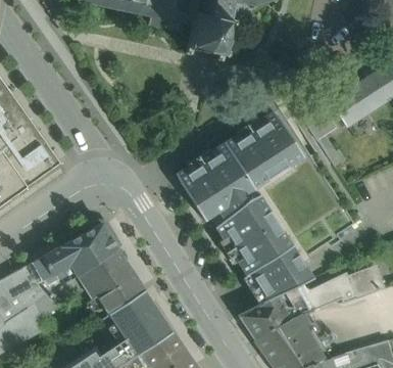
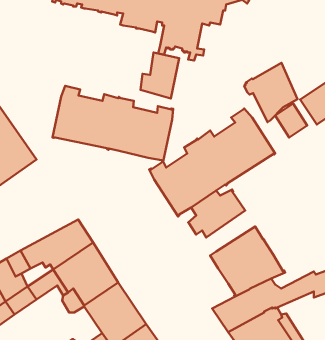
building: none -> [141,53,179,99]
building: none -> [244,63,298,122]
building: none -> [53,86,173,162]
building: [234,216,284,258] -> none

